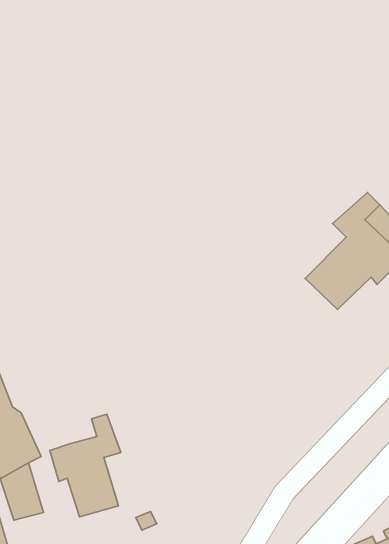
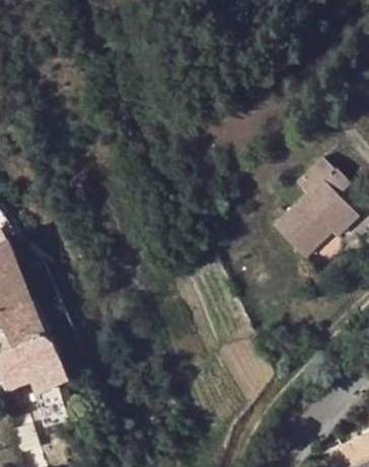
building: [50,414,121,517] -> none

